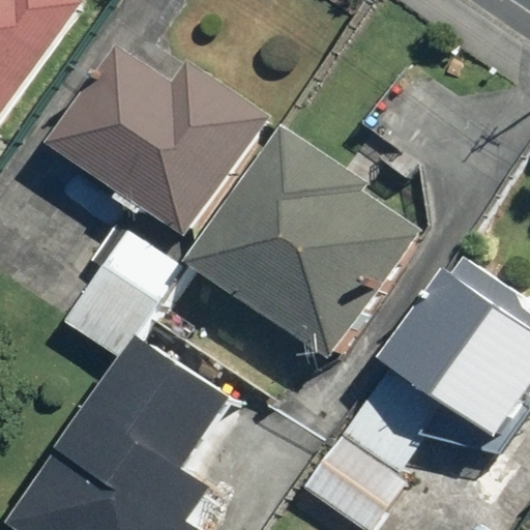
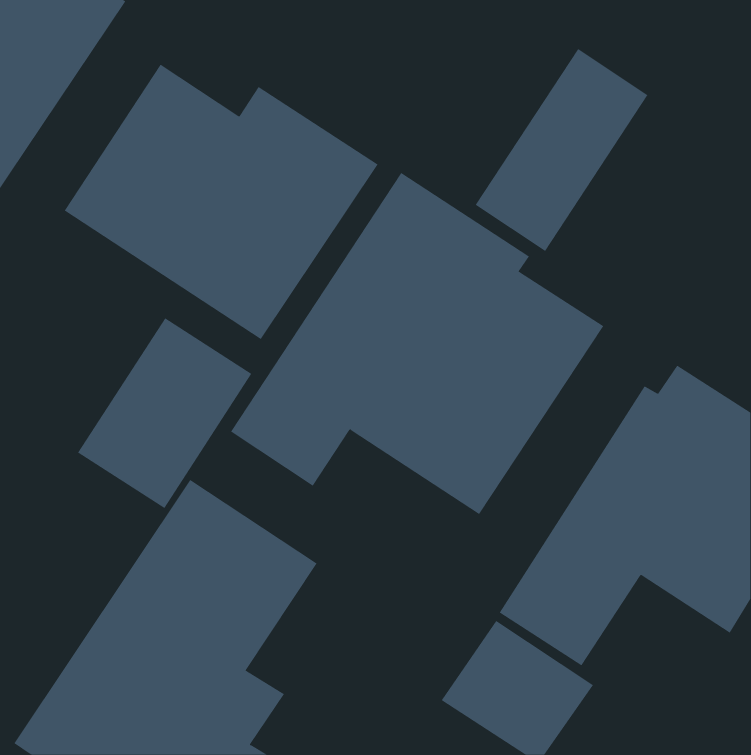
building: none -> [475,48,648,252]

